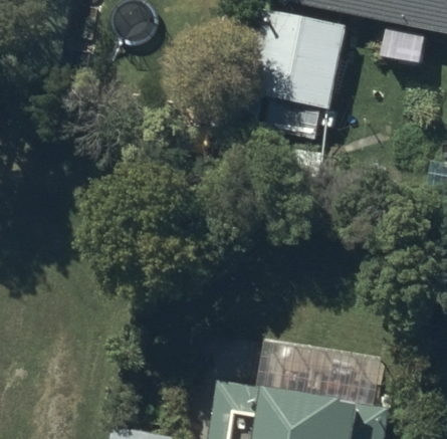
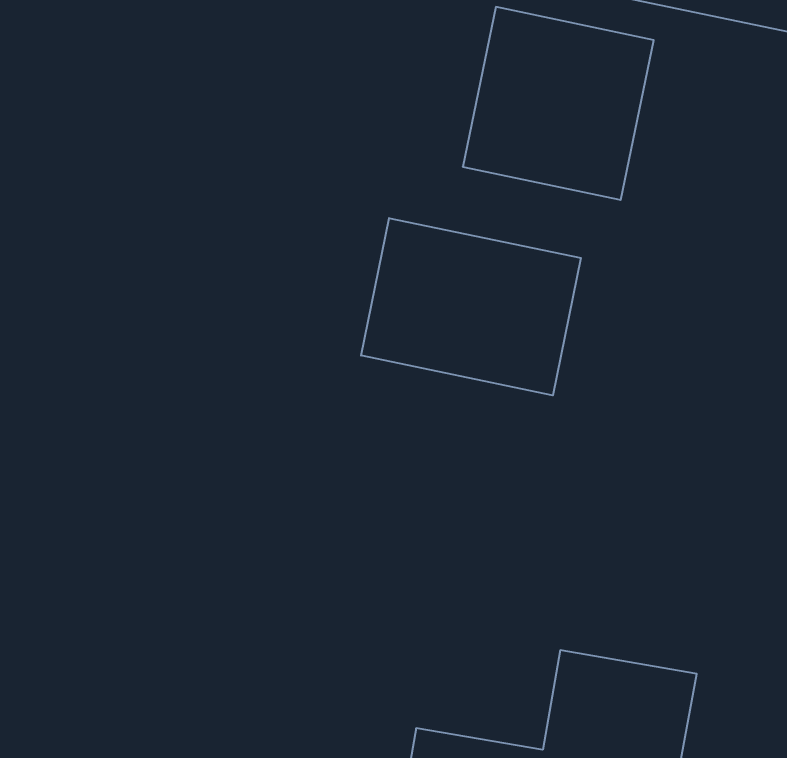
building: none -> [361,218,581,395]

